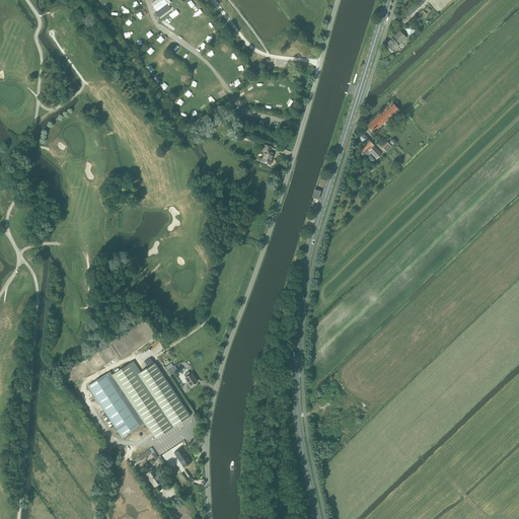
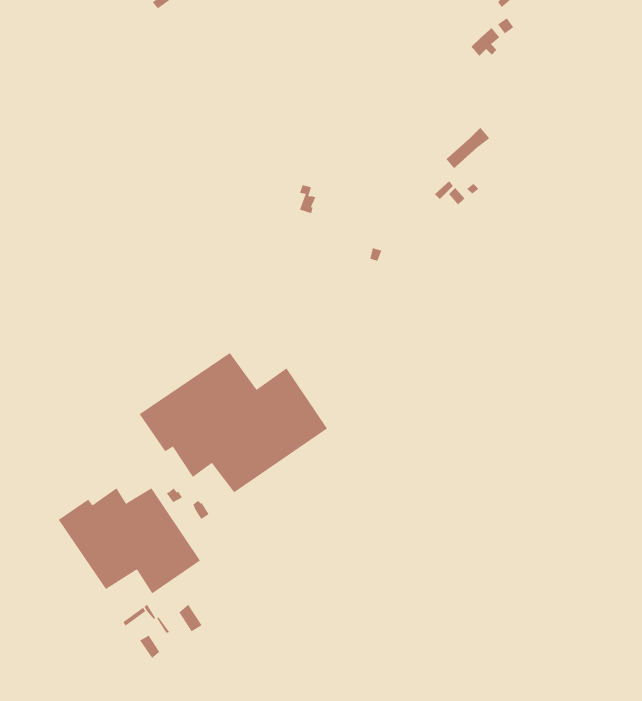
building: none -> [139,352,328,493]

